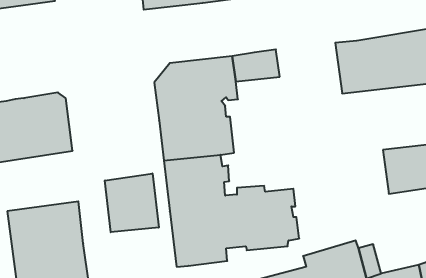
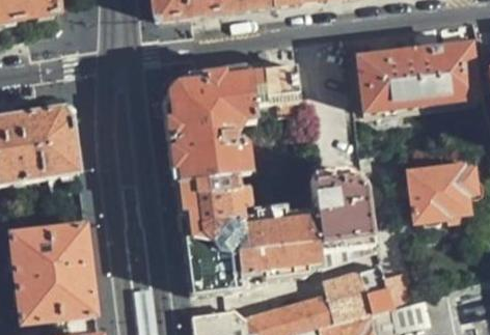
building: none -> [310,174,375,266]
building: [105,173,159,232] -> none

